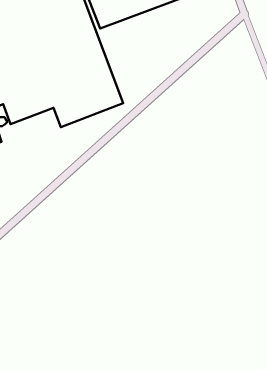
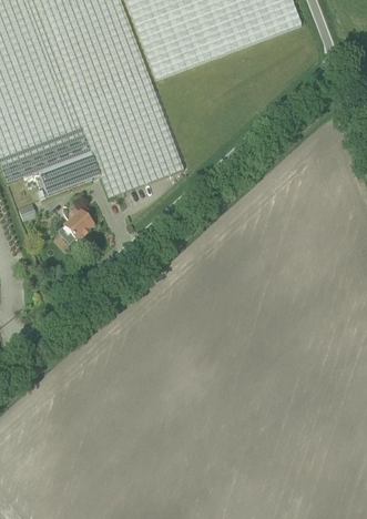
building: none -> [63,206,93,236]

